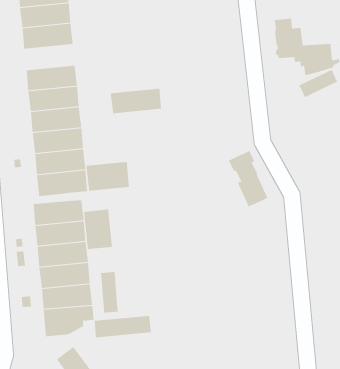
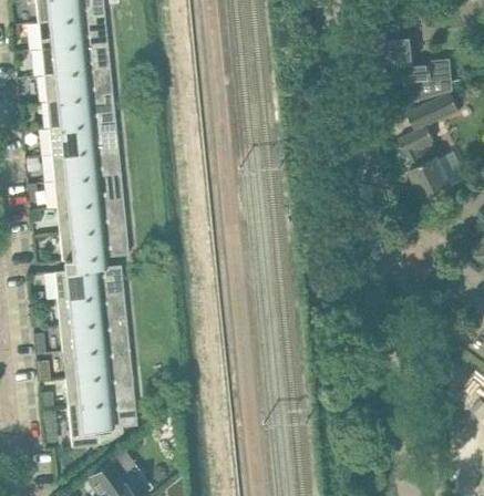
building: [110,88,162,114] -> [43,60,112,94]
building: [228,150,268,207] -> [399,125,452,200]
building: [86,161,130,192] -> none
building: [84,209,112,250] -> none
building: [101,271,118,313] -> none
building: [94,315,152,338] -> none

